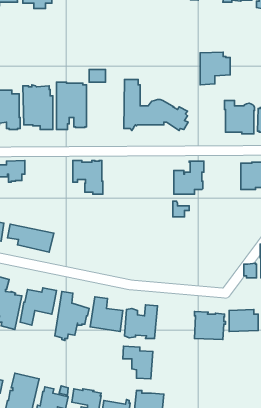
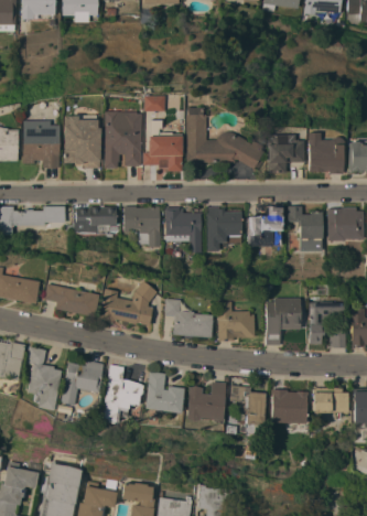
building: [200,52,230,85] -> [267,135,303,174]
building: none -> [143,120,182,172]
building: none -> [287,206,322,251]
building: none -> [74,207,118,233]
building: none -> [164,207,199,254]
building: none -> [205,207,240,252]
building: none -> [99,280,159,326]
building: none -> [164,299,213,337]
building: none -> [267,299,301,345]
building: none -> [218,301,255,341]
building: none -> [310,301,345,344]
building: [123,346,153,379] -> [229,386,266,426]

